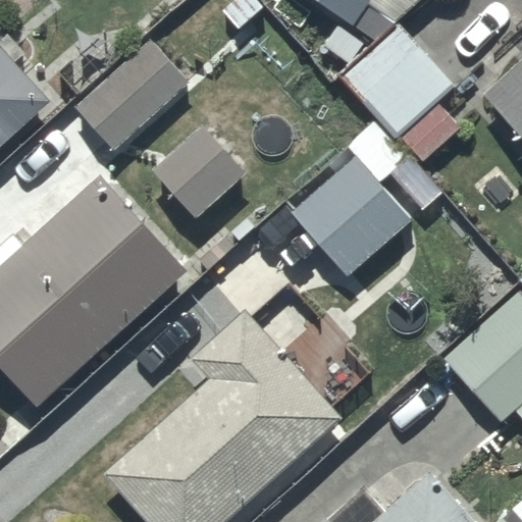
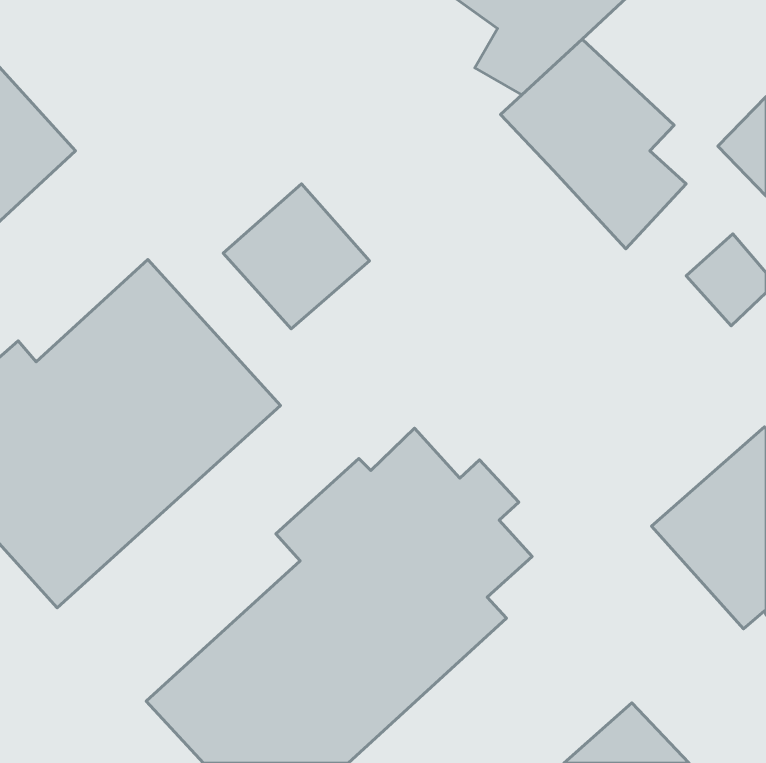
building: [74,40,189,153] -> none
building: [289,115,443,278] -> none

